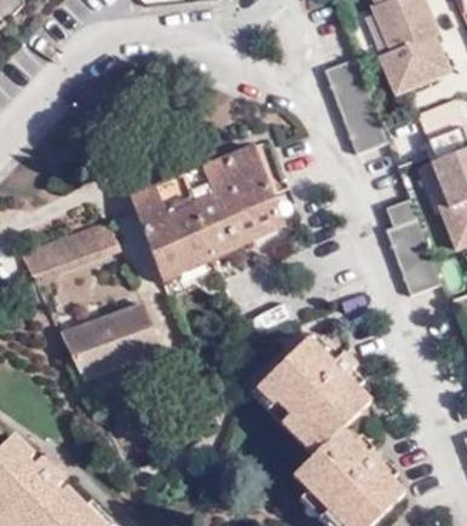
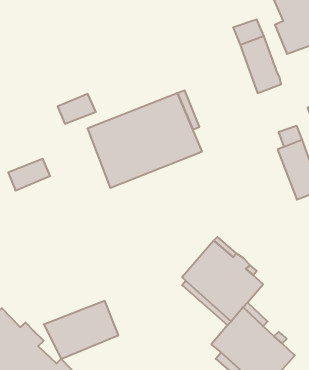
building: [70,219,121,259] -> [58,94,96,124]
building: [60,300,160,377] -> [44,301,118,359]

